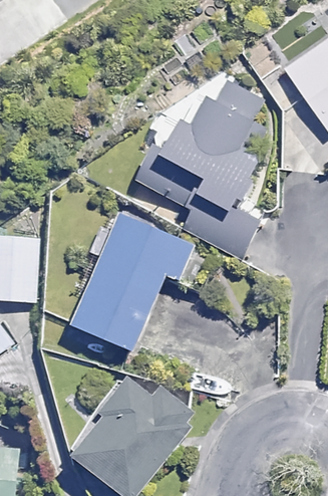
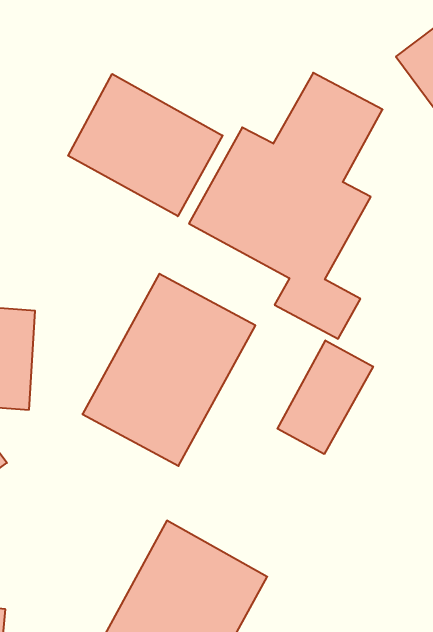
building: none -> [68,74,223,216]
building: none -> [277,340,373,454]

